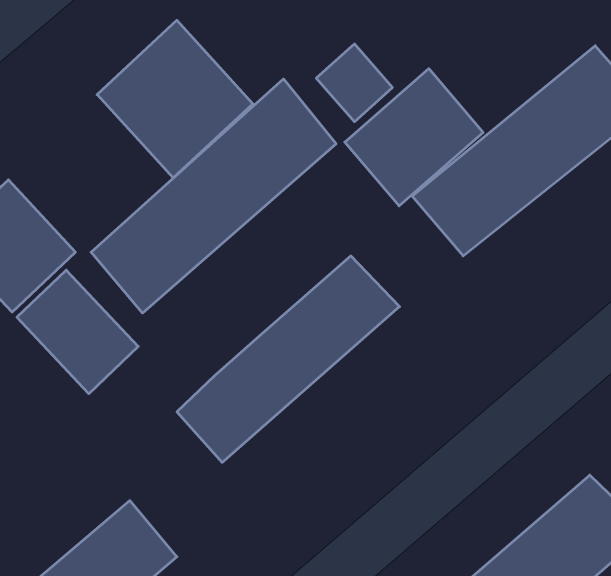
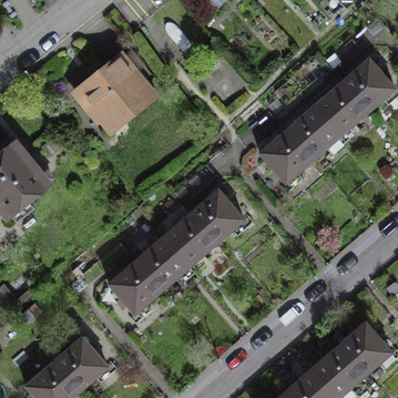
building: [345,69,483,206] -> none
building: [91,79,336,313] -> none
building: [17,270,138,394] -> none

